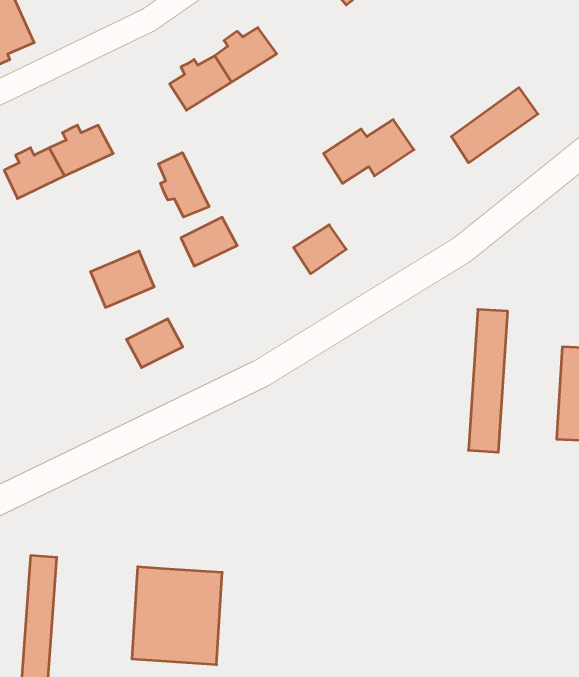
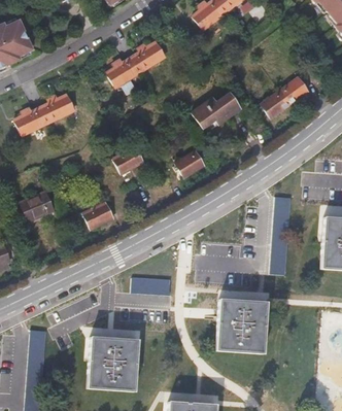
building: [158,153,209,217] -> none
building: [90,251,154,307] -> [20,190,55,220]
building: none -> [131,276,172,294]
building: none -> [215,298,264,351]

